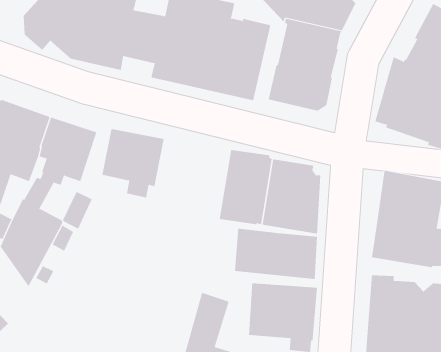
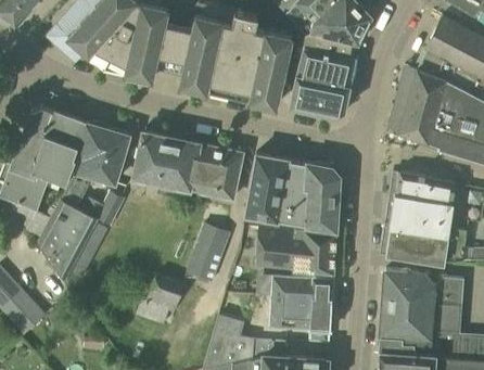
building: none -> [183,142,242,199]
building: none -> [186,222,230,282]
building: none -> [136,273,182,326]

